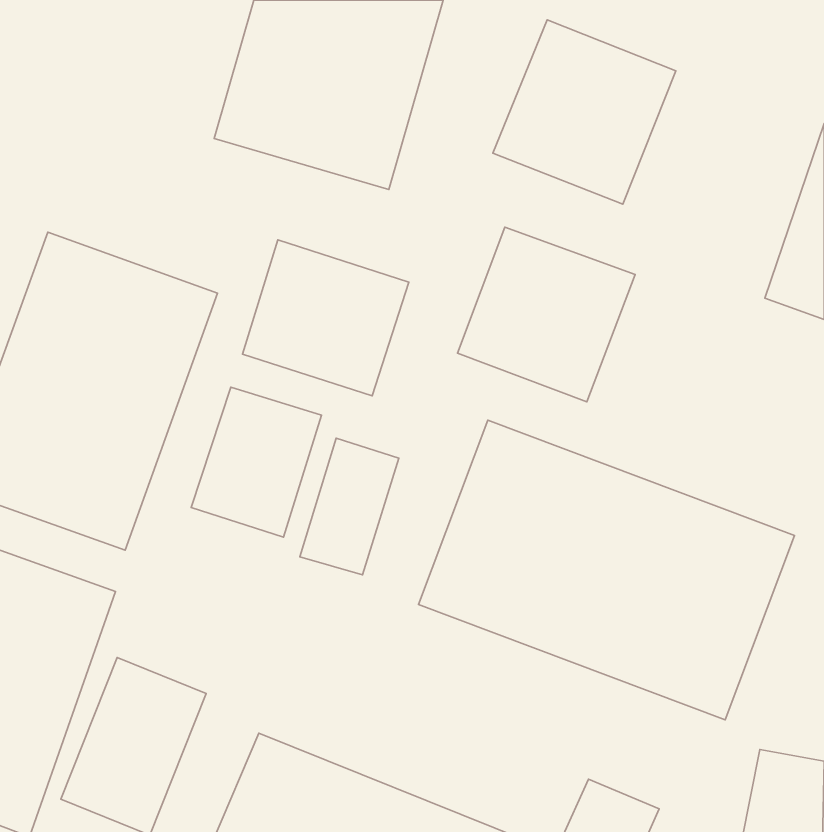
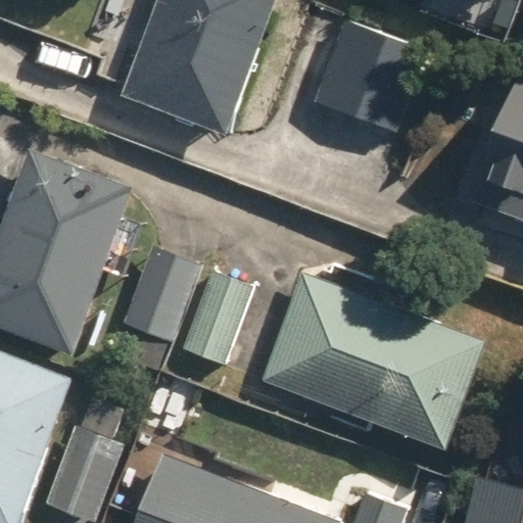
building: [458,227,635,402] -> none
building: [242,240,409,396] -> none

